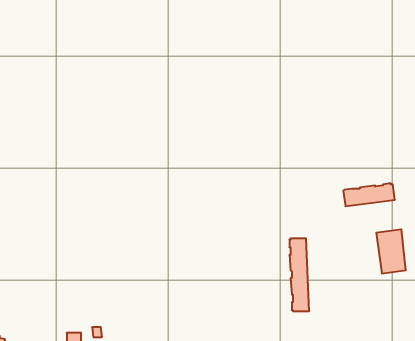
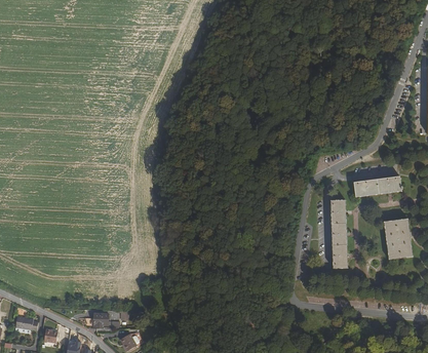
building: [289,238,309,311] -> [329,200,348,268]

